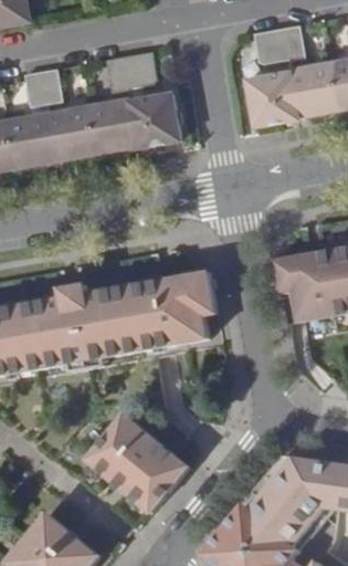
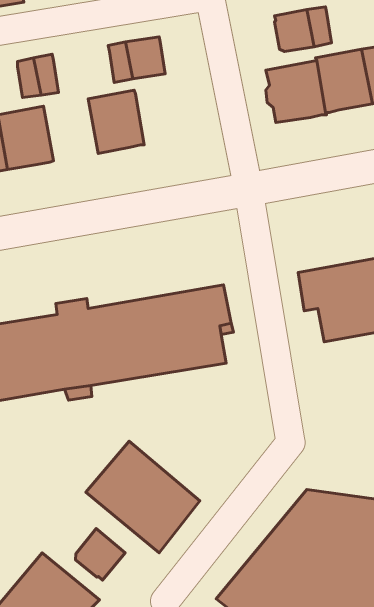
building: [129,93,183,148] -> none
building: [48,105,96,160] -> none
building: none -> [75,528,125,580]

